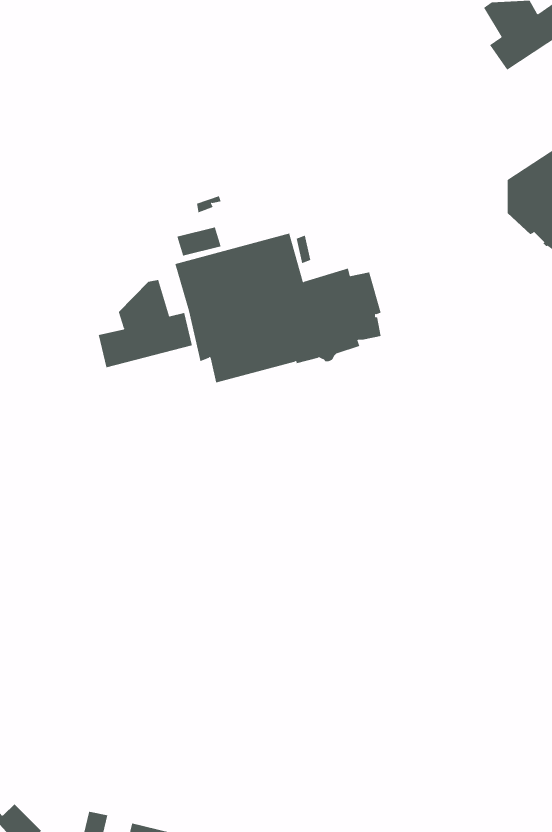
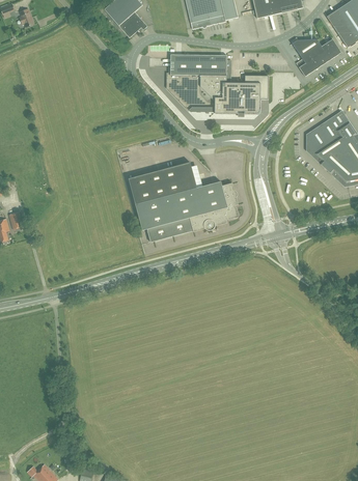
building: none -> [166,54,268,113]
building: [98,279,192,368] -> none

